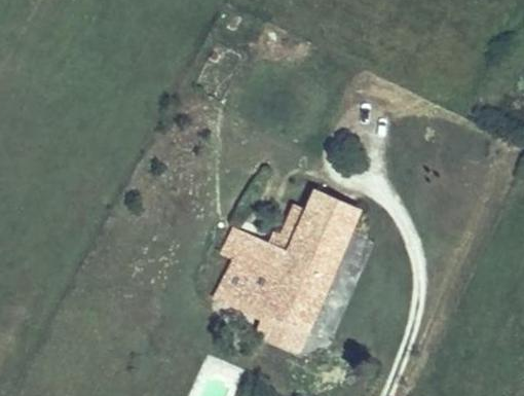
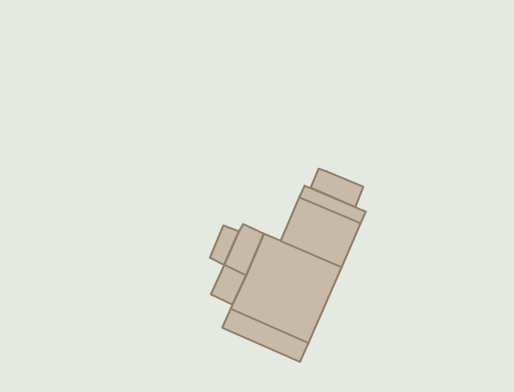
building: none -> [311,169,363,207]

